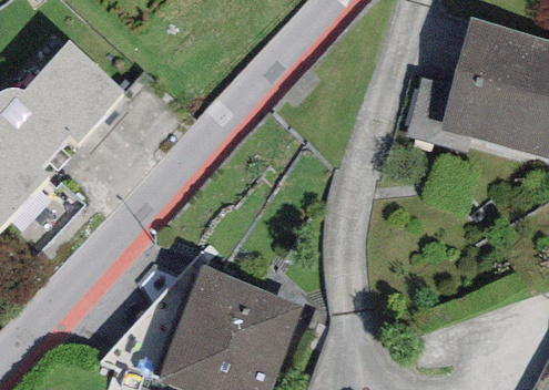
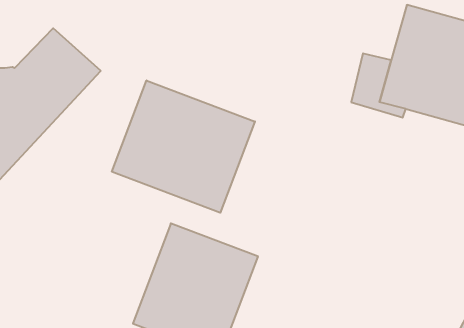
building: none -> [112,80,255,213]

